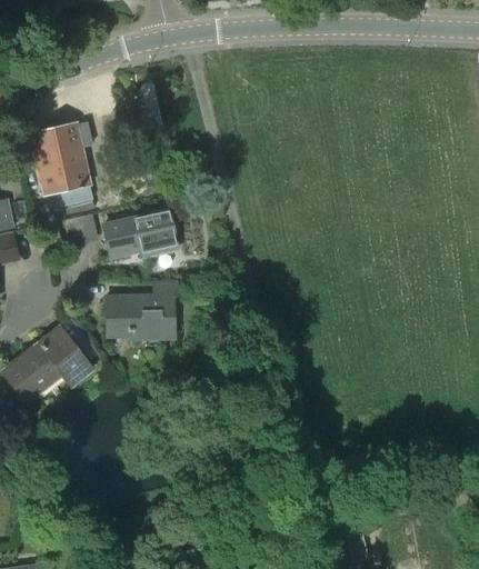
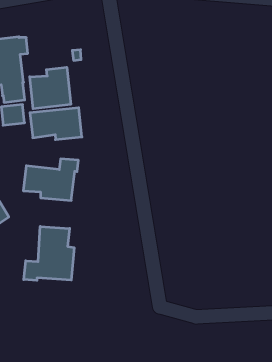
building: none -> [30,67,71,109]
building: none -> [24,226,74,280]

